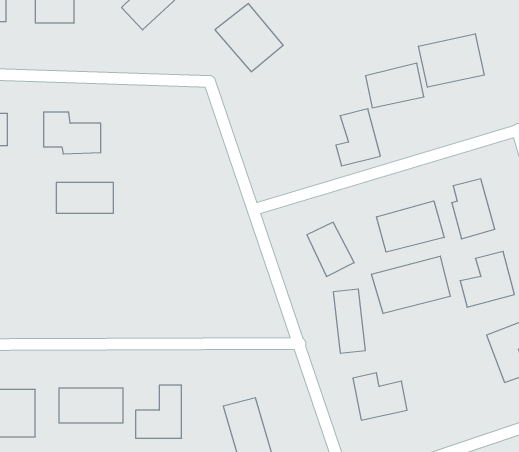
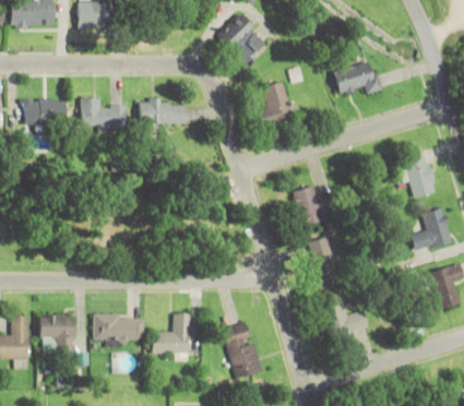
building: [419,34,484,87] -> none
building: [336,109,380,166] -> [259,81,294,126]
building: [56,183,113,213] -> [139,99,183,123]
building: [376,201,444,252] -> none
building: [372,256,450,314] -> none

